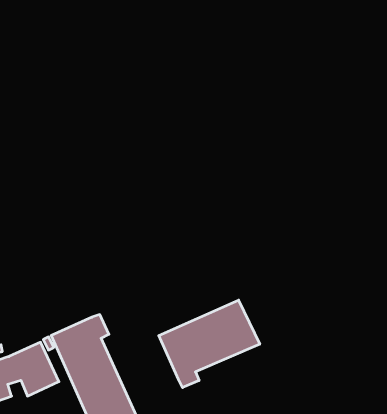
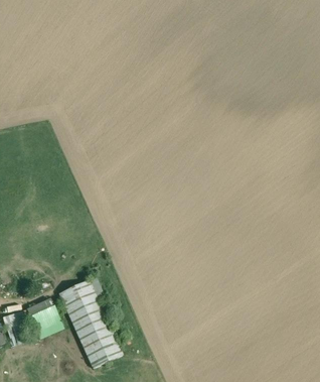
building: [159,300,260,388] -> none

